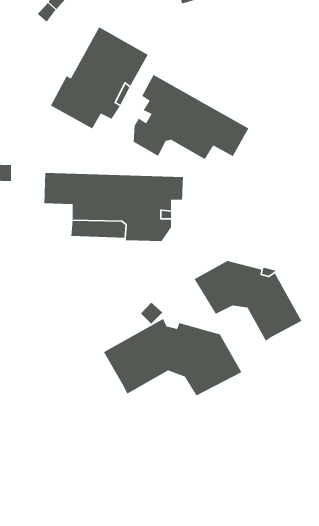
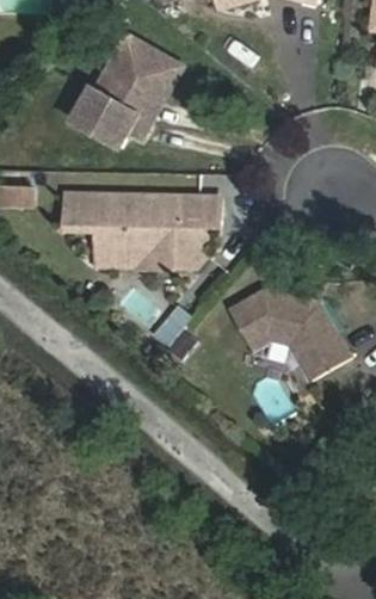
building: [133,74,249,160] -> none
building: [103,318,243,396] -> none

